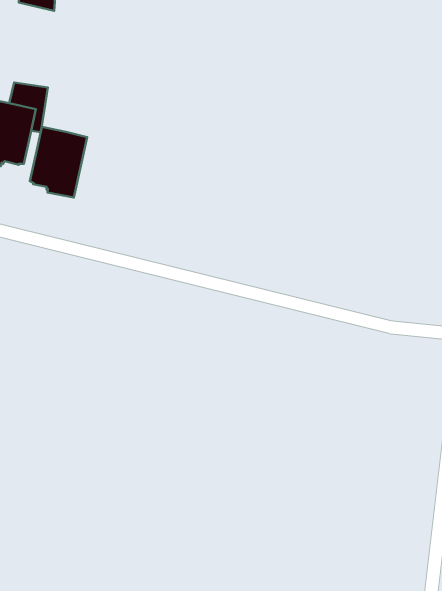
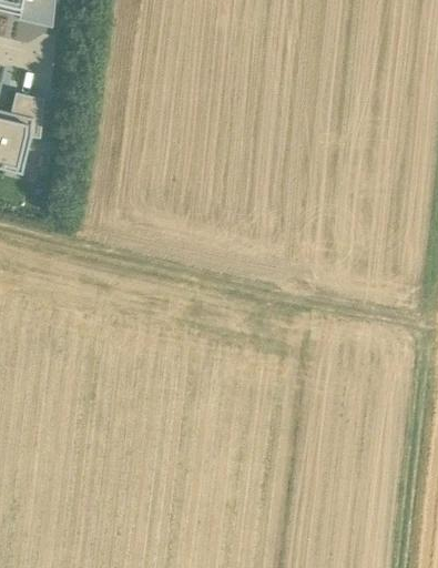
building: [30,127,87,198] -> none

